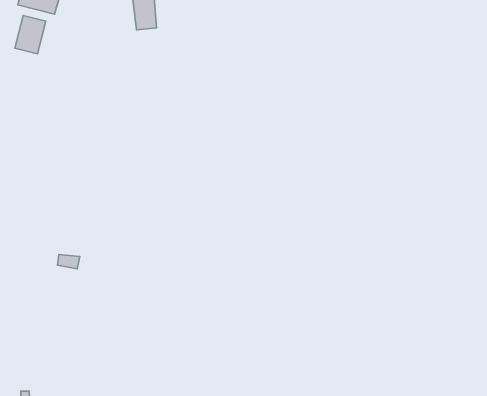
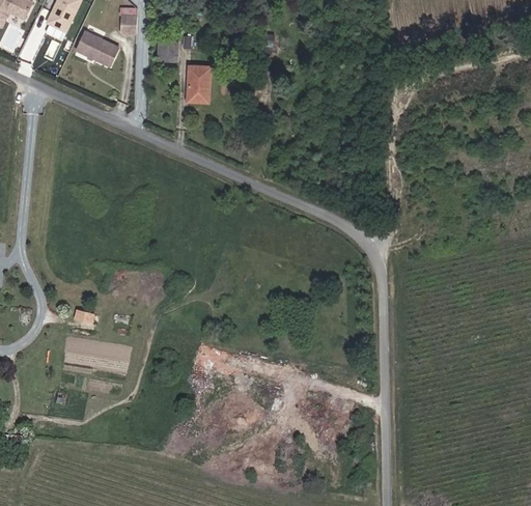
building: [15,16,46,54] -> none

